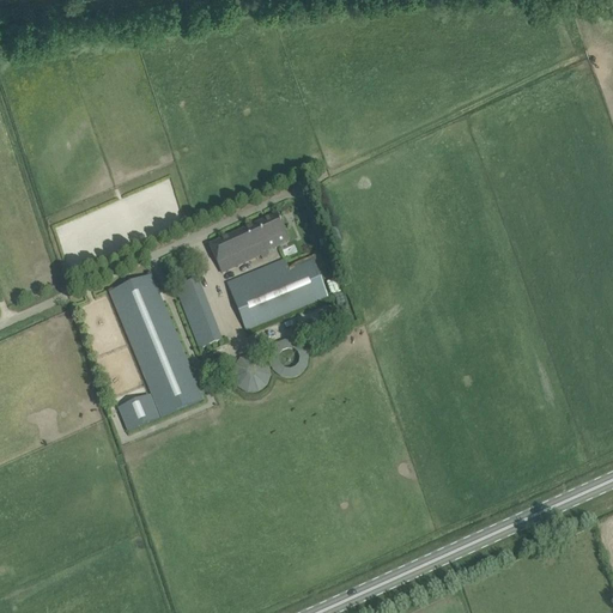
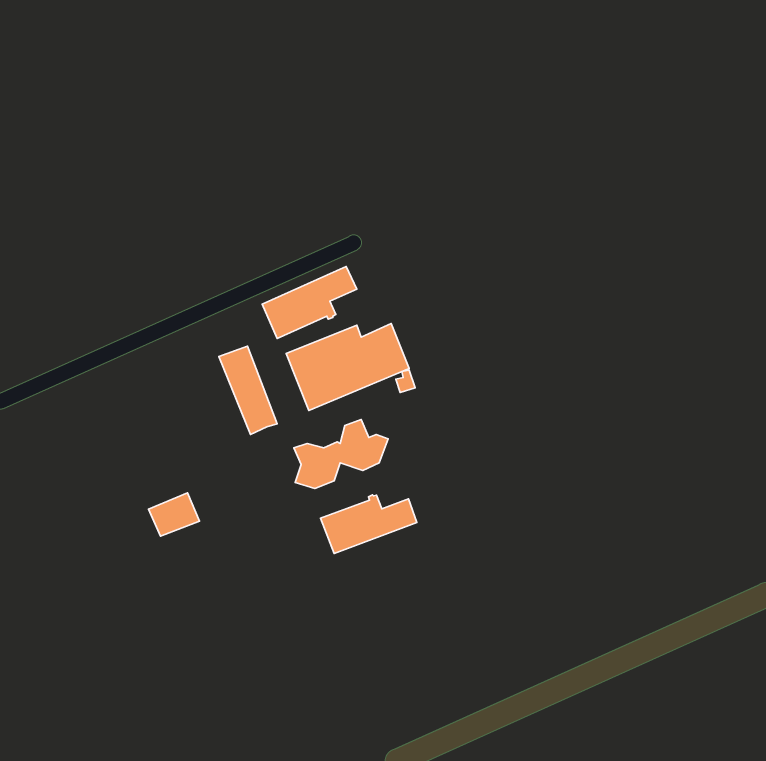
building: [110,273,204,415] -> none
building: none -> [321,495,417,553]

